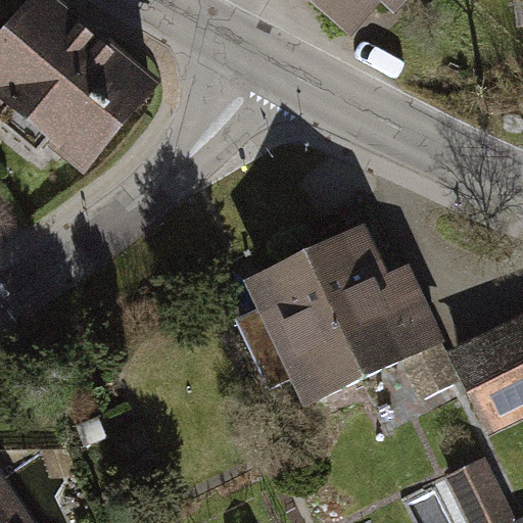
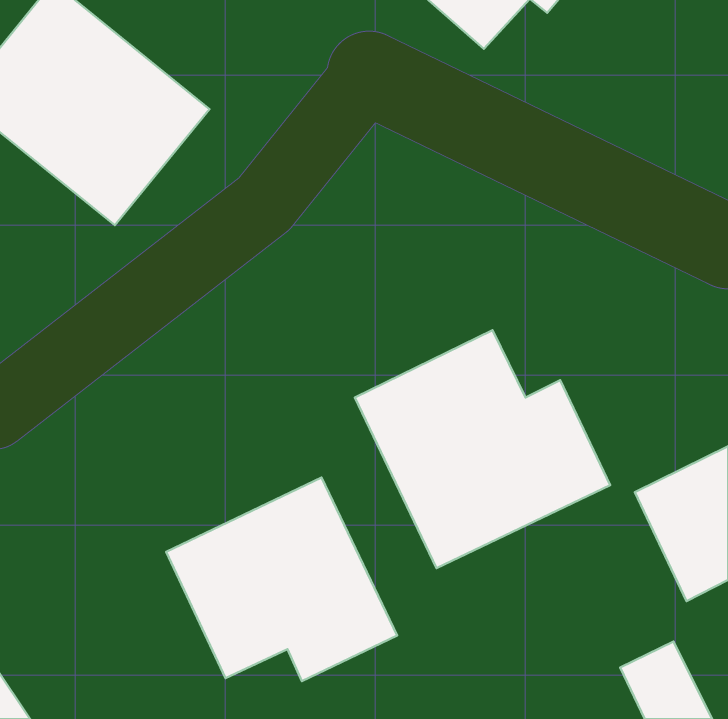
building: none -> [166,477,397,681]

